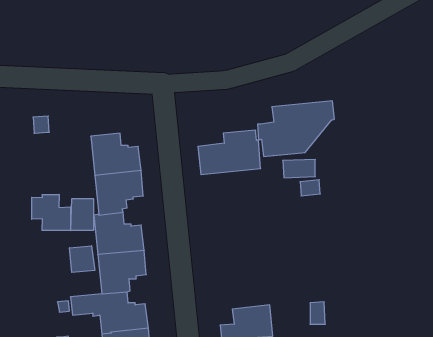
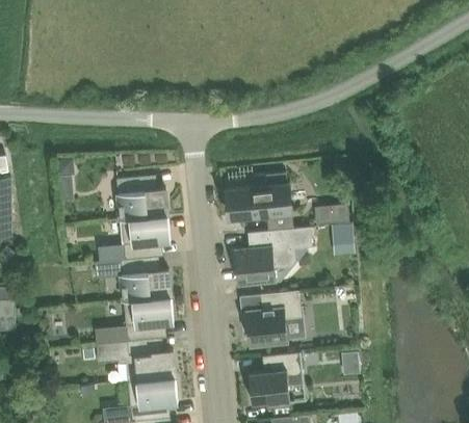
building: [258,101,334,156] -> [232,228,311,285]
building: [32,194,71,231] -> none
building: none -> [242,291,299,346]
building: [70,246,95,272] -> none

